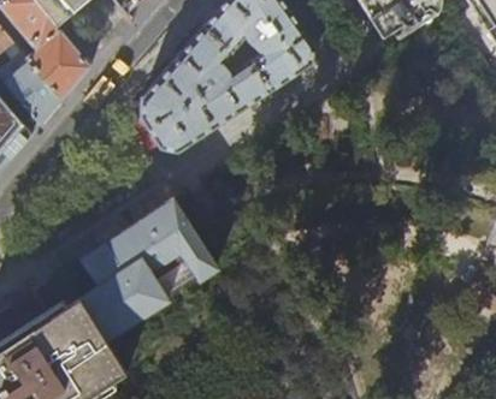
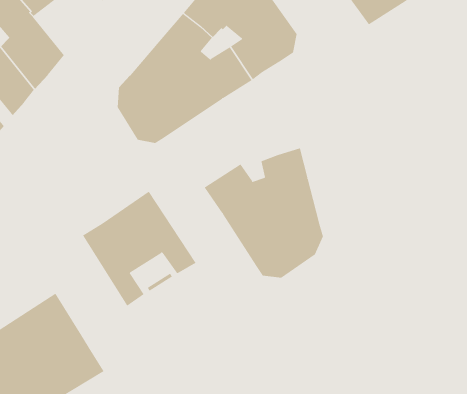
building: none -> [204,148,324,279]
building: [79,240,148,337] -> none

